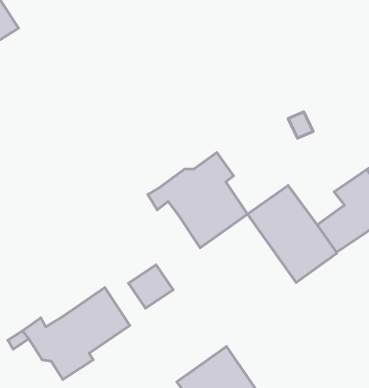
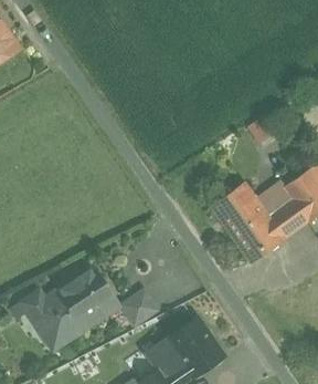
building: [148,153,248,248] -> none
building: [129,265,173,308] -> [118,289,156,325]

